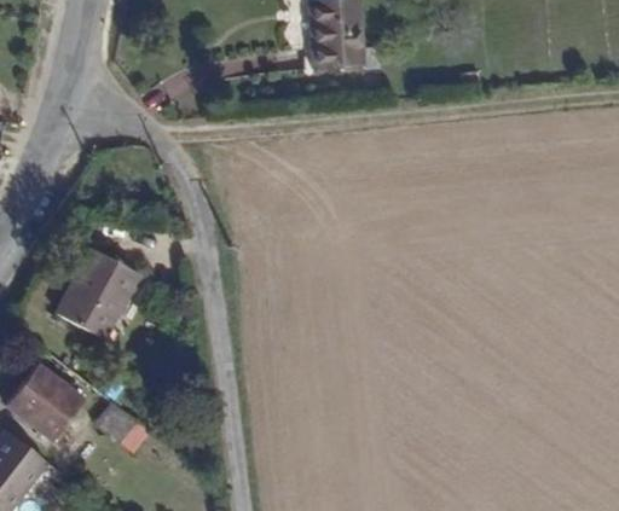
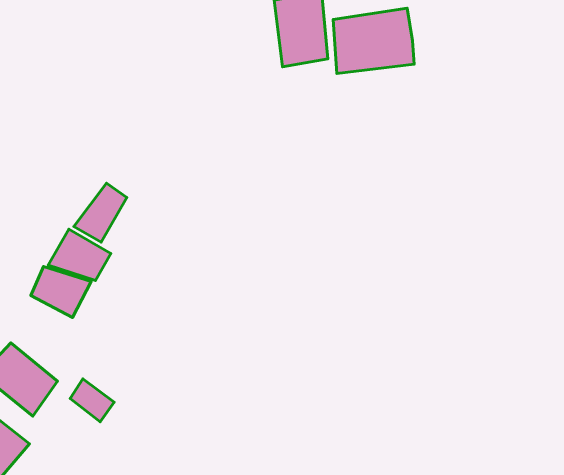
building: none -> [333,8,414,74]
building: none -> [74,183,127,242]

